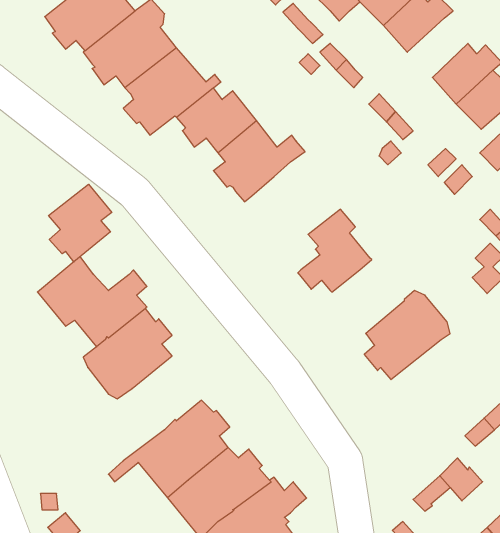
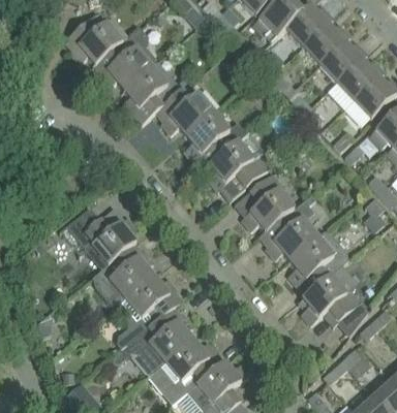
building: none -> [318,41,367,83]
building: none -> [208,133,267,200]
building: [49,184,112,262] -> none
building: none -> [259,194,316,261]
building: none -> [301,265,368,336]
building: none -> [116,277,183,350]

